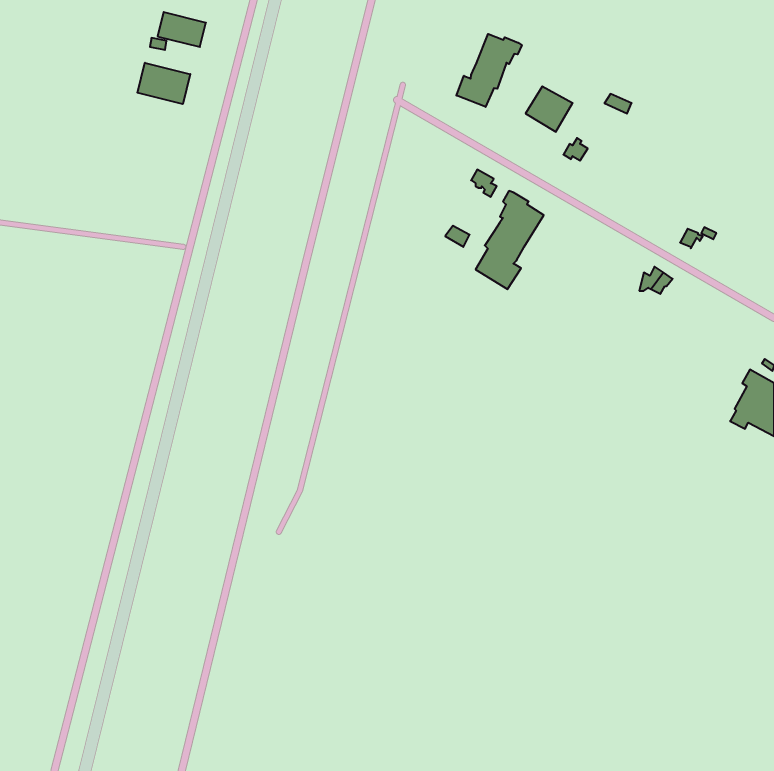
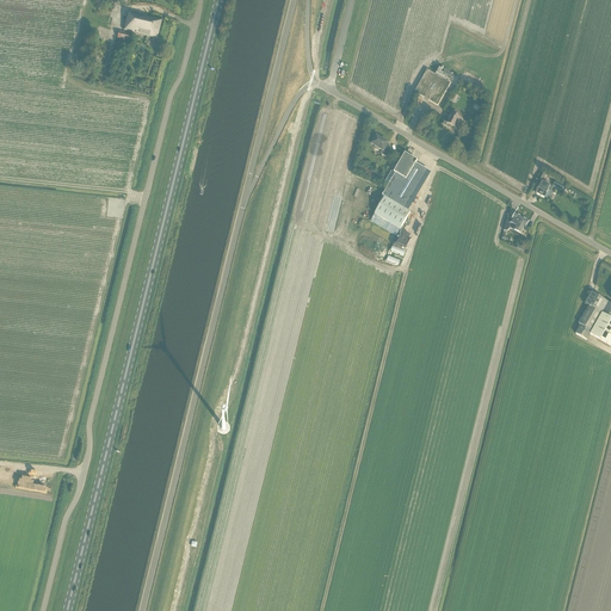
building: [456,34,522,107] -> none
building: [137,63,190,104] -> none

